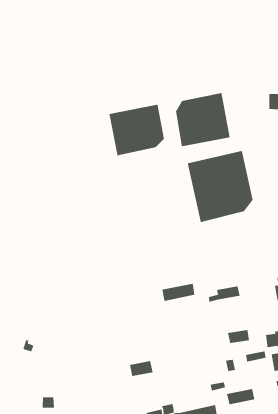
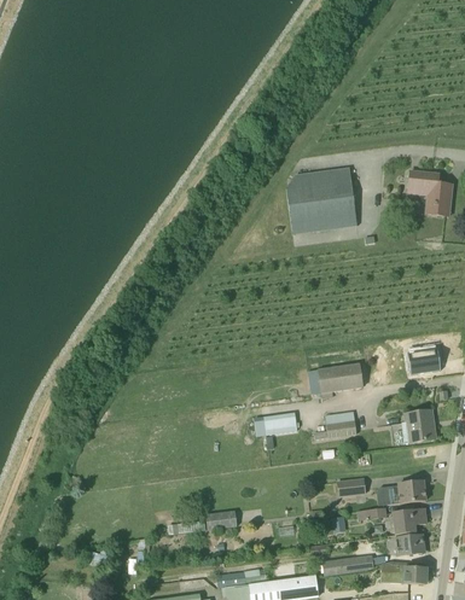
building: [109,104,165,156] -> none
building: [187,150,253,223] -> none
building: none -> [316,363,362,398]

